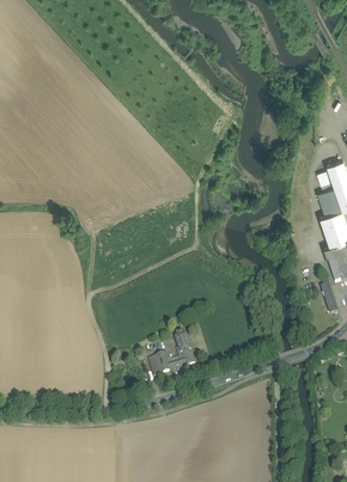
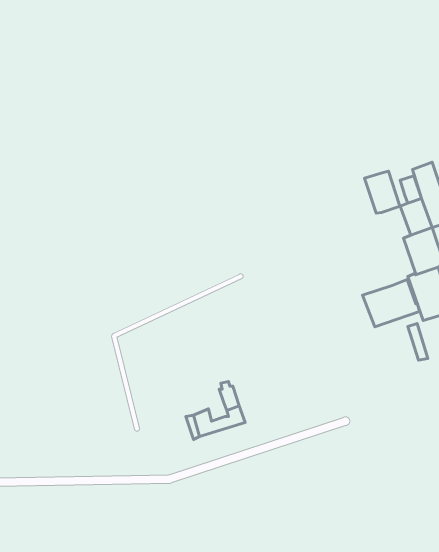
building: none -> [364,171,400,213]
building: none -> [363,280,420,327]

